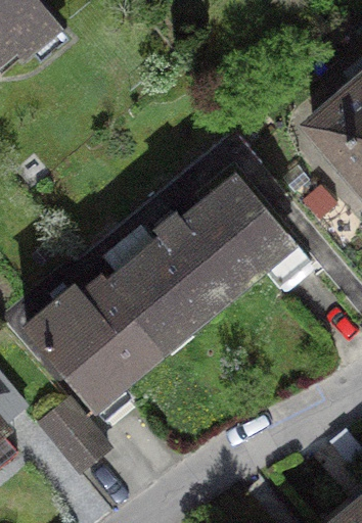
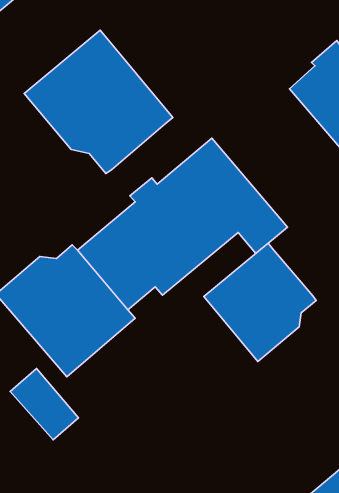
building: none -> [24,30,173,174]
building: none -> [204,243,316,361]

